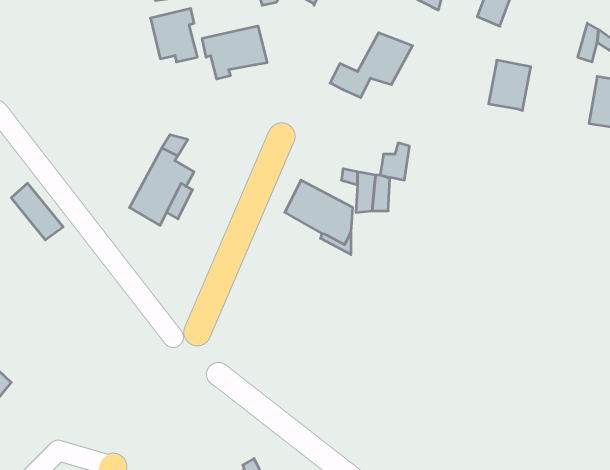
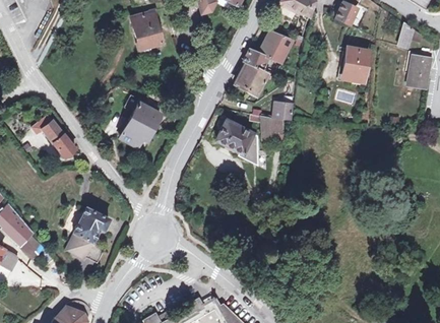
building: [202,26,267,79] -> none
building: none -> [237,61,268,92]
building: none -> [68,215,109,262]

